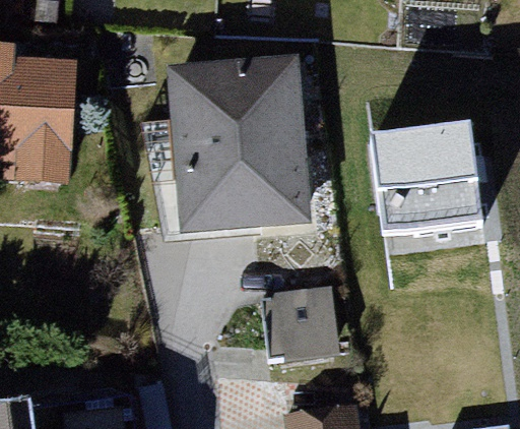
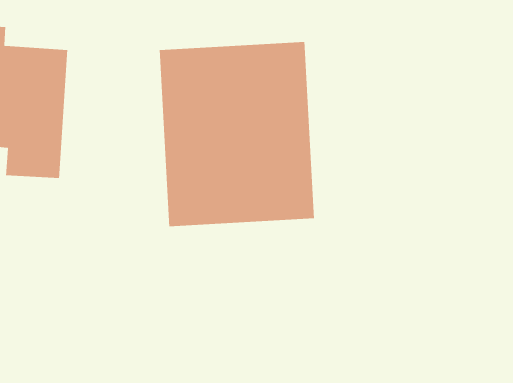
building: [362,116,482,245] -> none
building: [259,285,340,367] -> none

